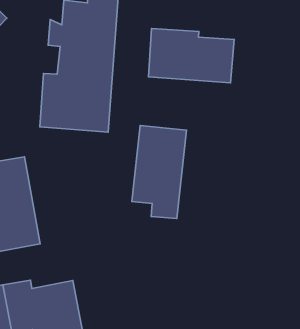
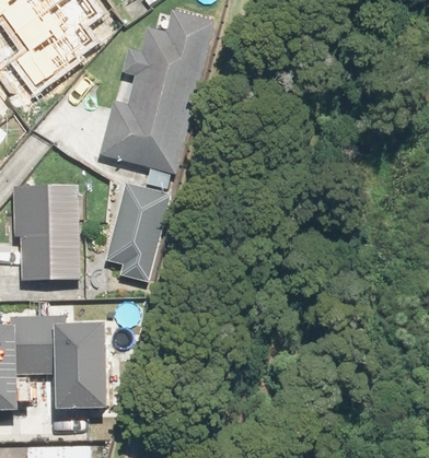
building: [149,29,234,83] -> none
building: [132,125,186,218] -> [104,181,173,284]

